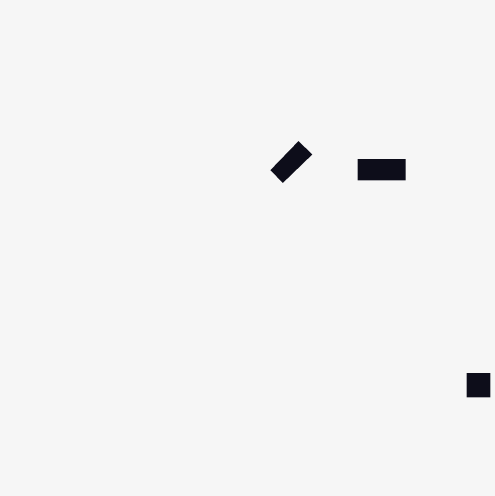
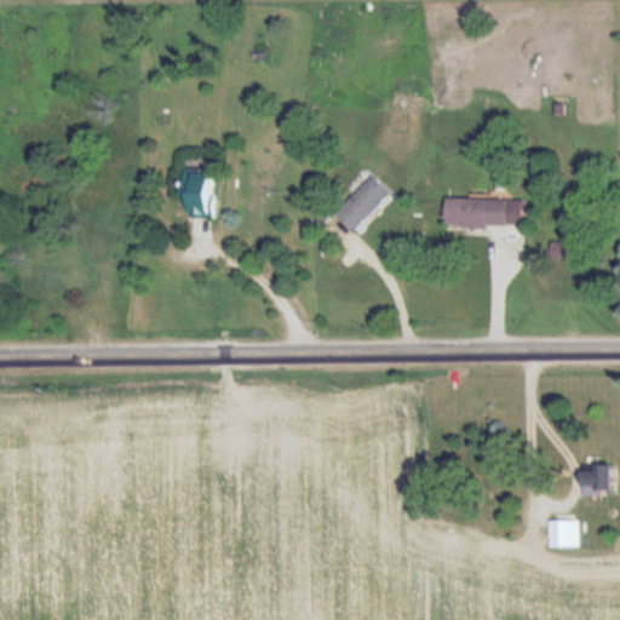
building: none -> [185,171,213,217]
building: none -> [549,519,572,546]

